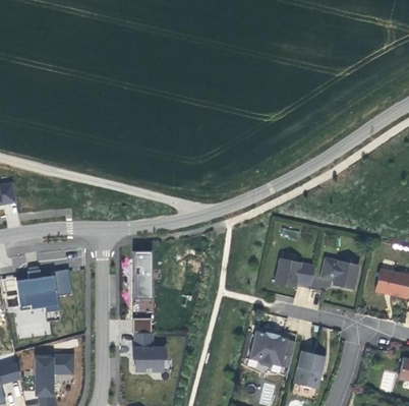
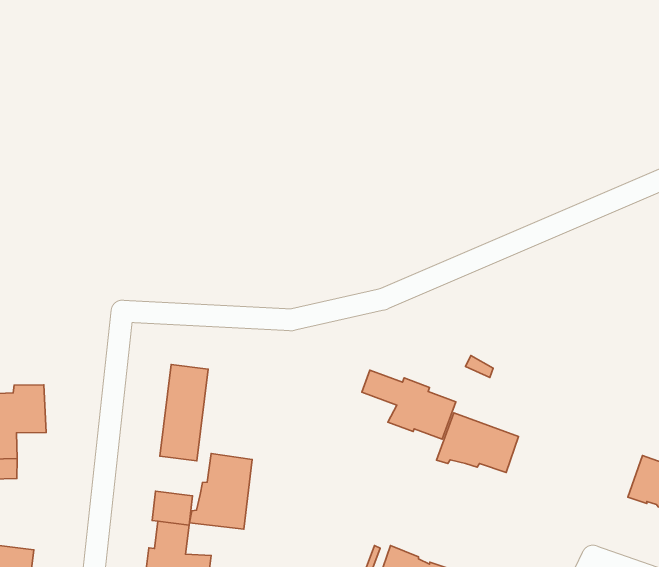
building: none -> [362,370,456,439]
building: [320,258,359,288] -> none
building: none -> [189,454,252,529]

